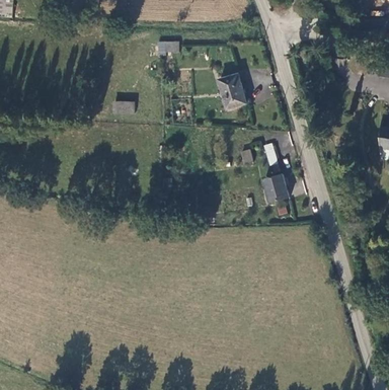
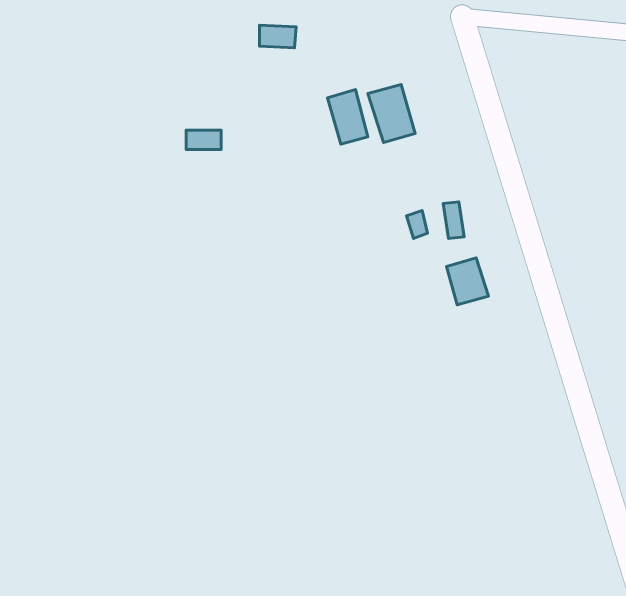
building: none -> [327,90,368,144]

